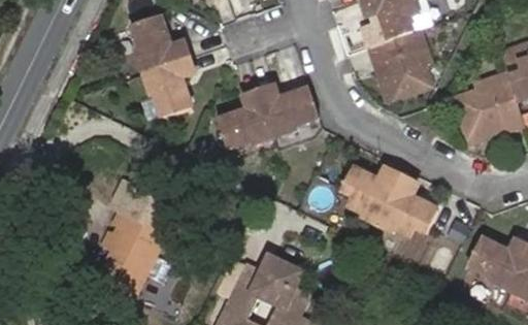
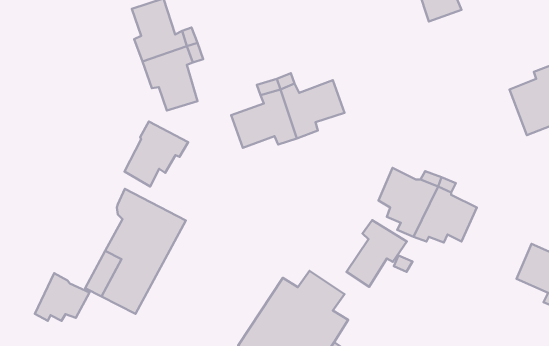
building: [370,26,433,95] -> none
building: none -> [125,122,188,187]
building: none -> [346,220,407,287]
building: none -> [35,273,89,321]

